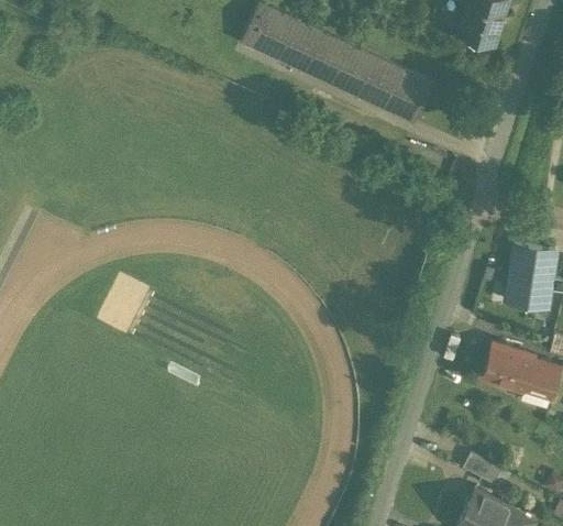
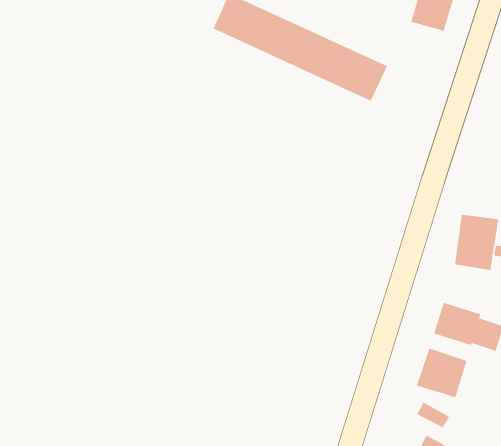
building: none -> [416,347,468,399]

